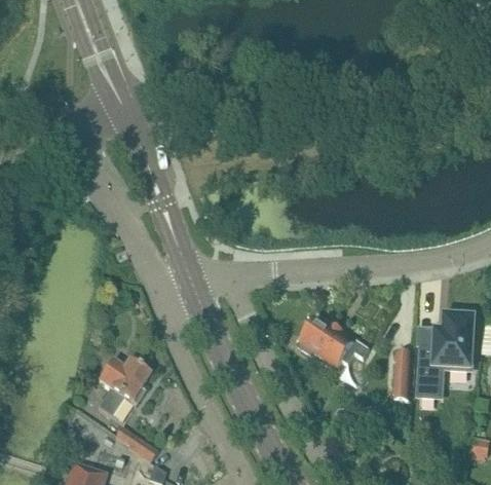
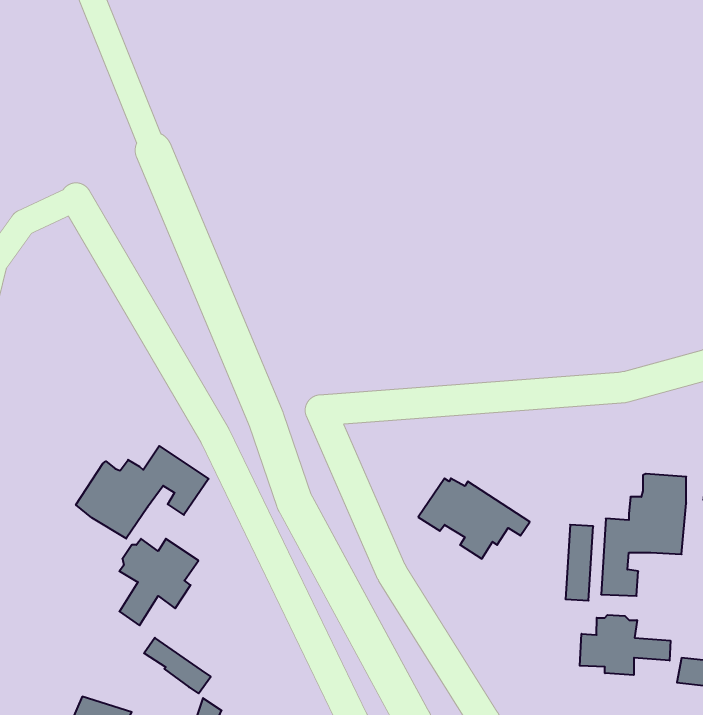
building: none -> [76,446,209,539]
building: none -> [580,615,670,675]

